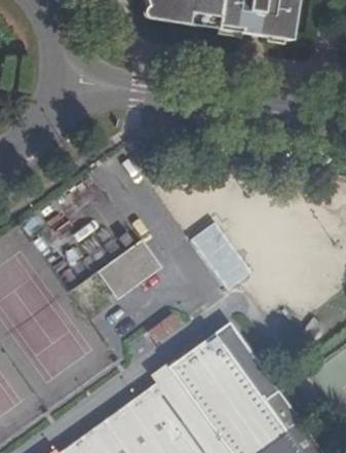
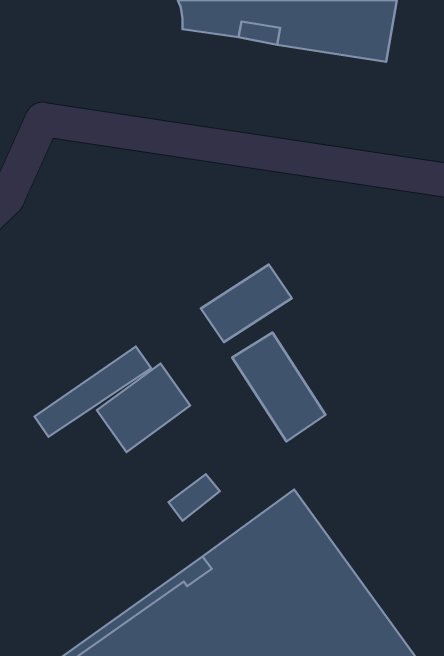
building: none -> [201,264,292,342]

